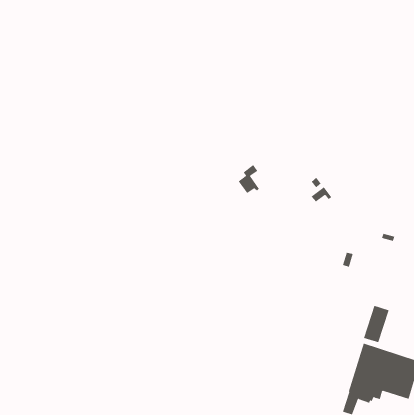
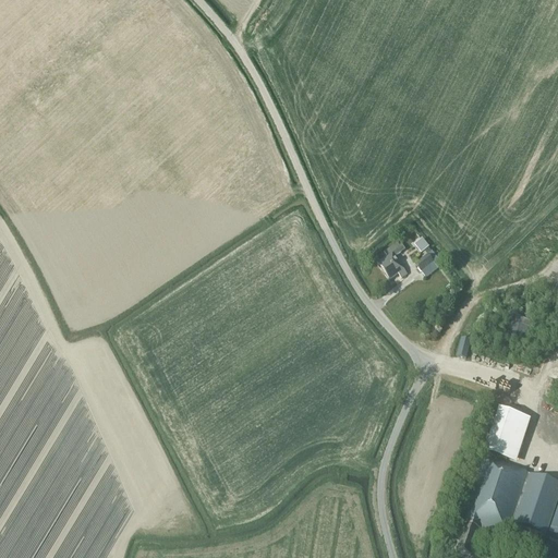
building: [238,164,260,194] -> [383,239,412,278]

